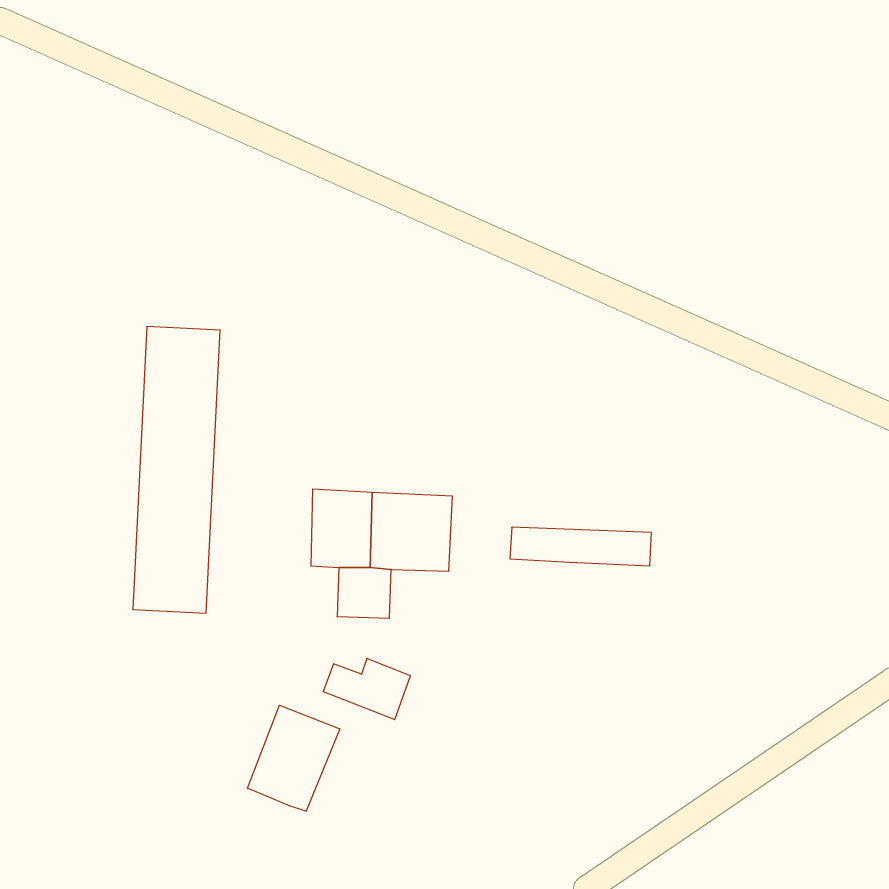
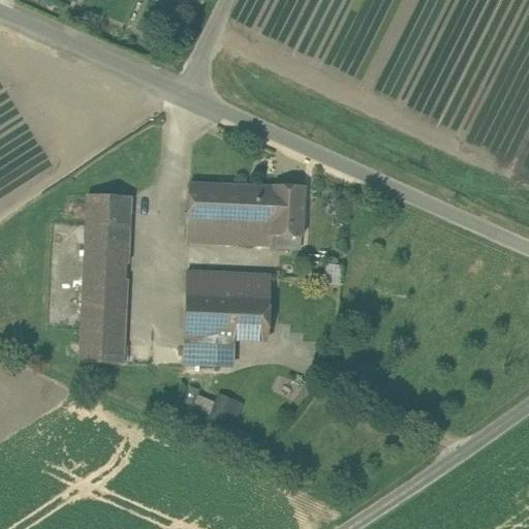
building: none -> [188,182,306,244]
building: [510,527,651,566] -> [187,271,271,293]
building: [247,705,340,811] -> none

